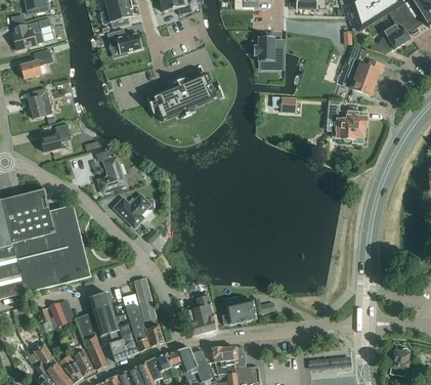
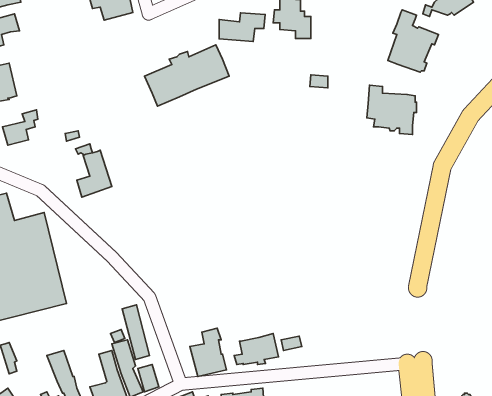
building: none -> [219,13,265,41]
building: [115,195,154,226] -> none
building: [90,292,121,341] -> none
building: [48,300,75,326] -> none

